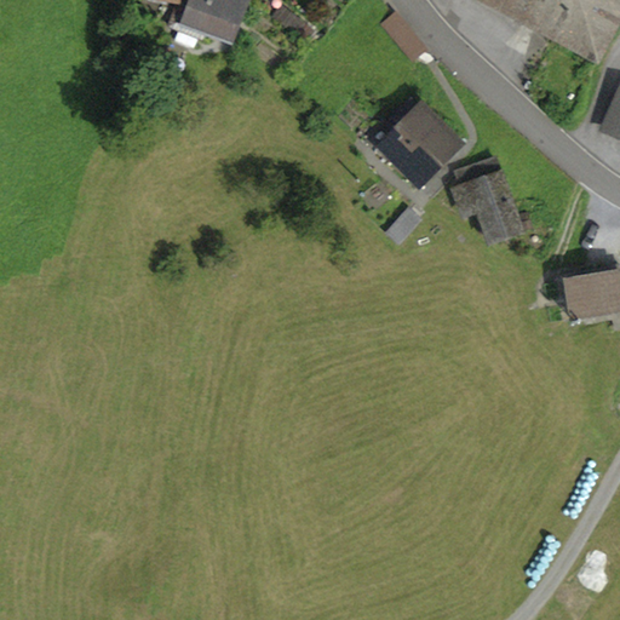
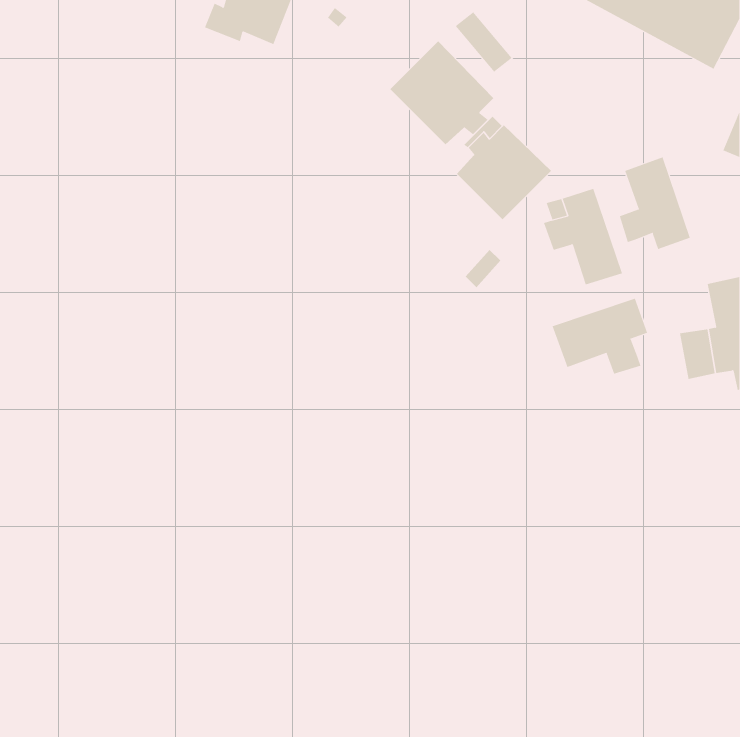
building: none -> [390,41,494,145]
building: none -> [619,156,691,250]
building: none -> [552,298,648,374]

